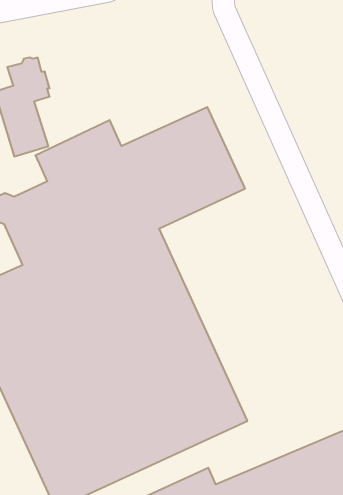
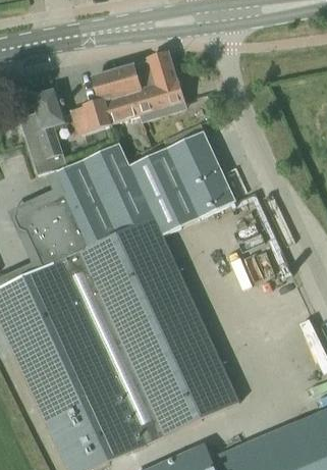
building: none -> [69,52,185,135]

